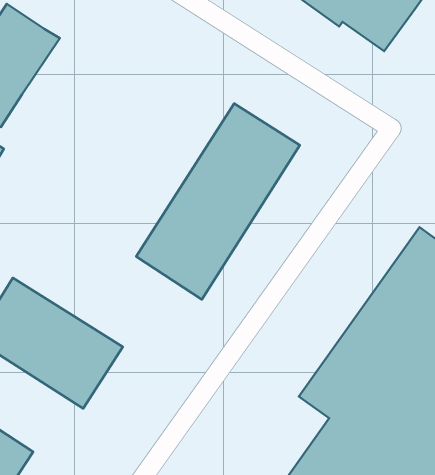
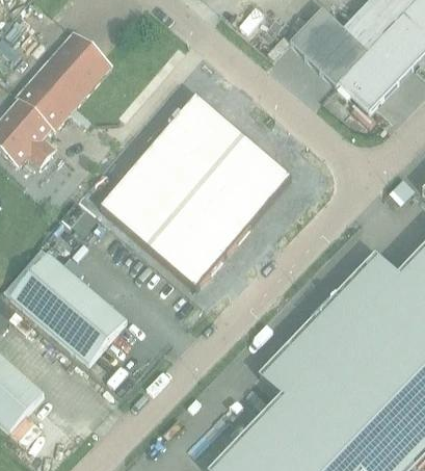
building: none -> [100,94,243,246]

